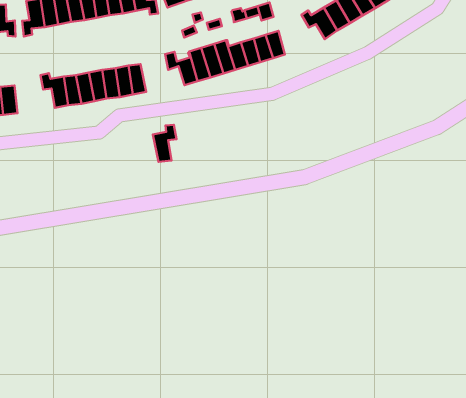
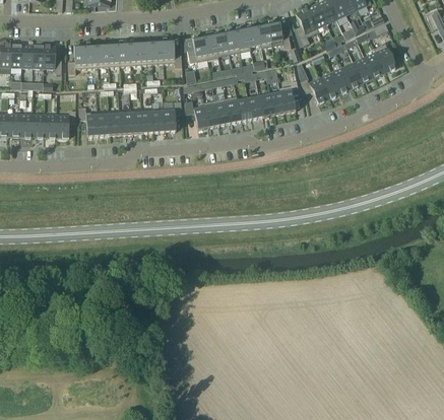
building: none -> [279,80,299,113]
building: none -> [56,110,75,137]
building: [153,125,177,162] -> [163,101,182,131]

